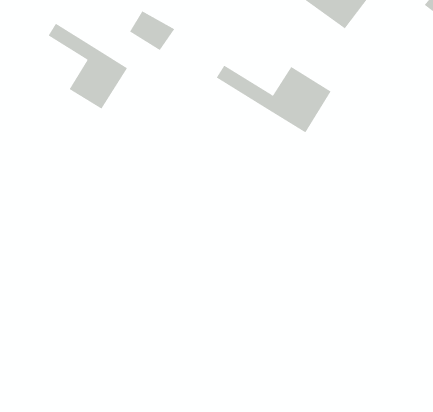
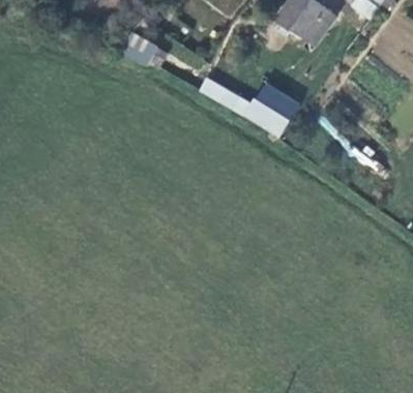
building: [48,23,128,110] -> none

